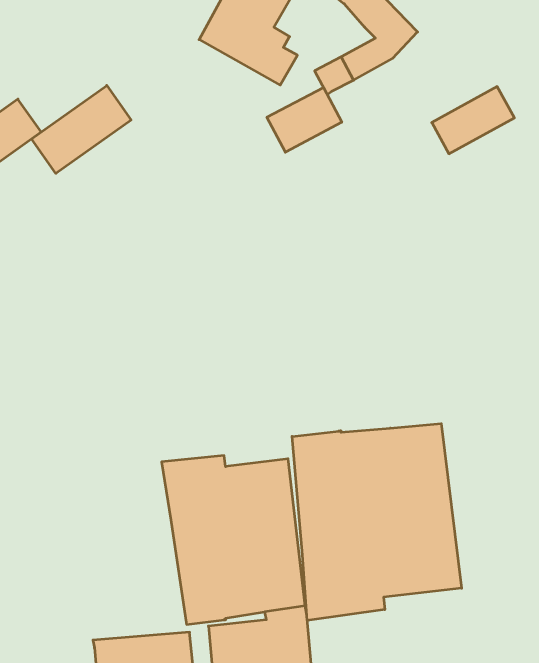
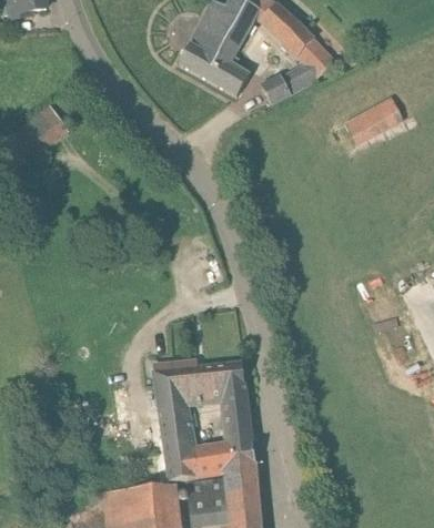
building: [32,85,131,173] -> none
building: [267,87,342,152] -> none
building: [292,424,462,620] -> none

